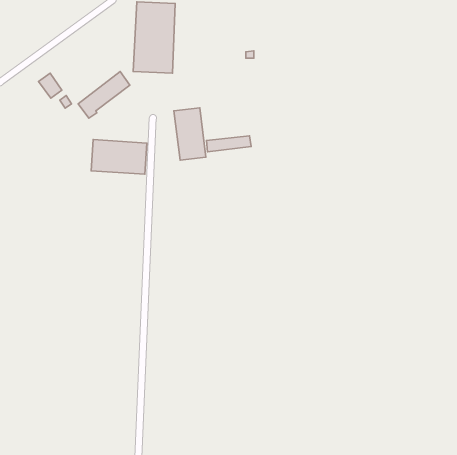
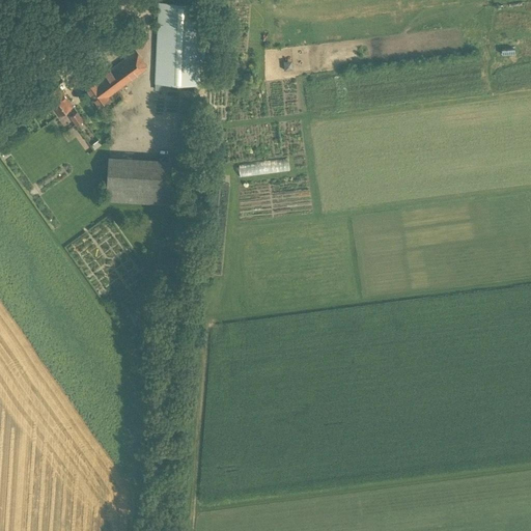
building: [78,72,130,118] -> [86,53,146,107]
building: [174,108,206,160] -> none

